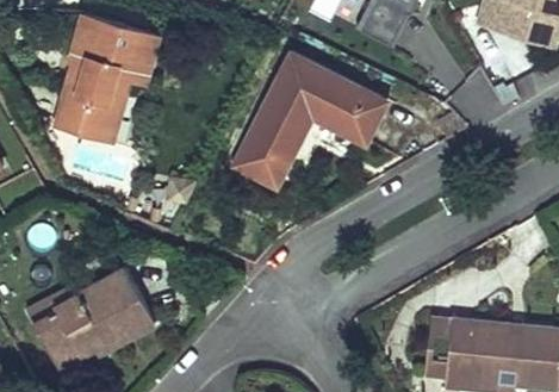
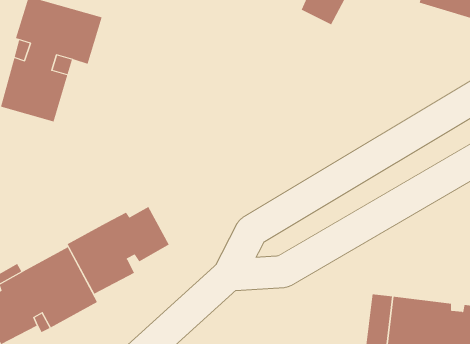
building: [232,55,387,189] -> none
building: none -> [67,206,170,294]

